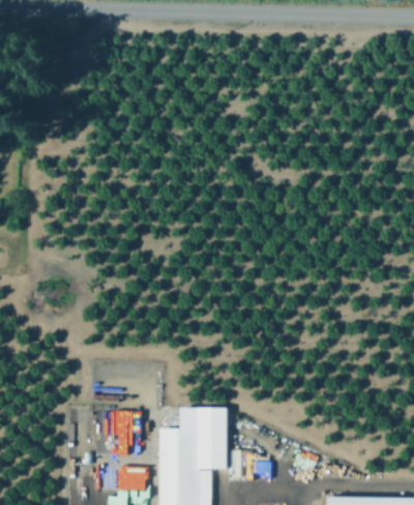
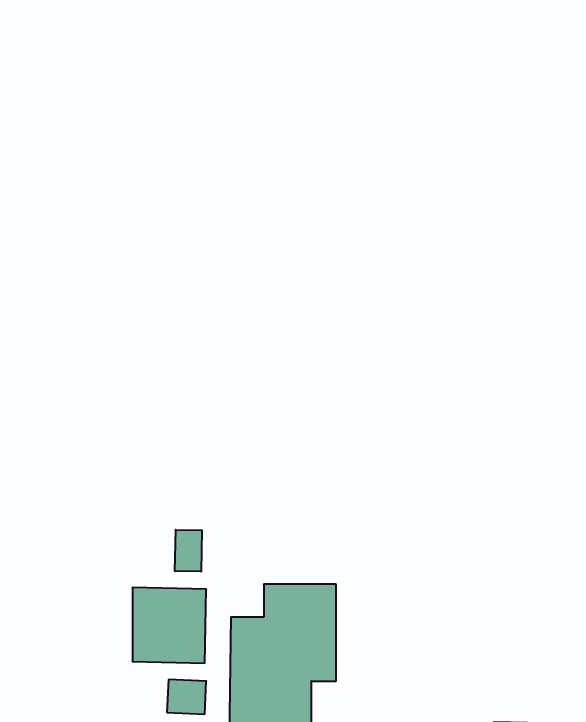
building: none -> [175,530,202,572]

